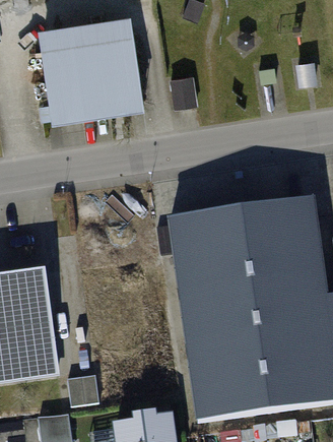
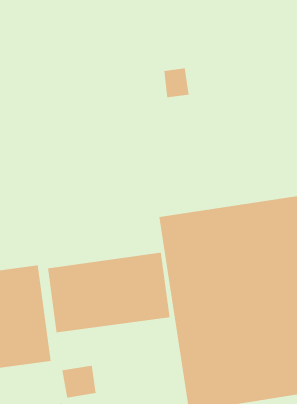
building: [41,11,146,119] -> none
building: none -> [48,252,170,333]

